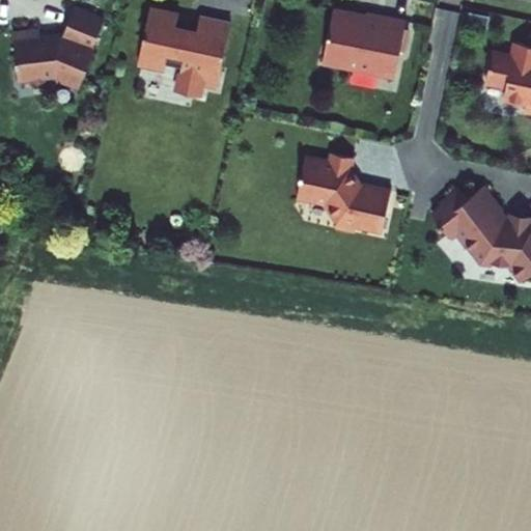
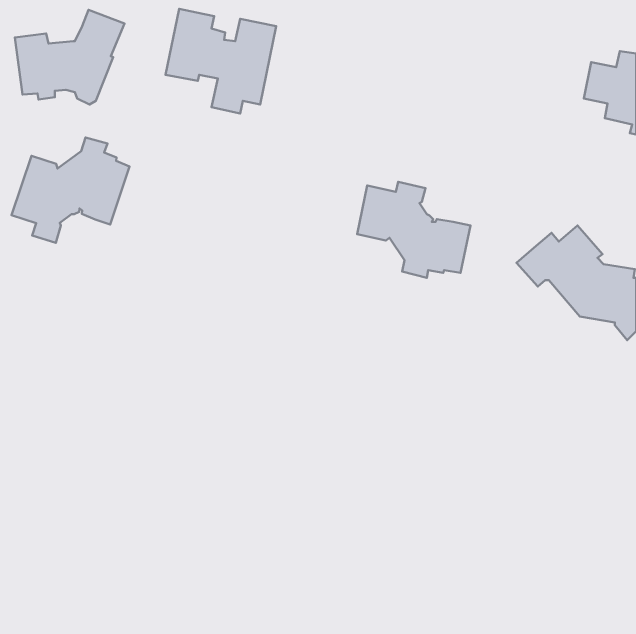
building: [323,9,407,79] -> none
building: none -> [11,137,129,243]

